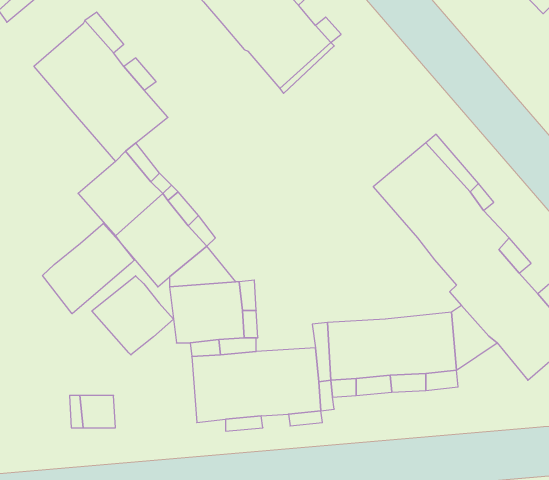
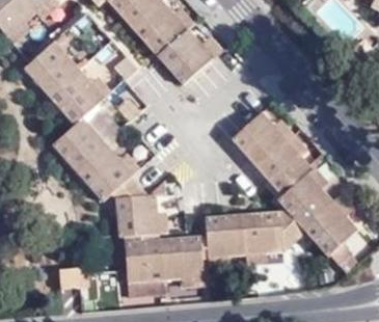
building: [43,223,134,314] -> none
building: [92,276,174,355] -> none

